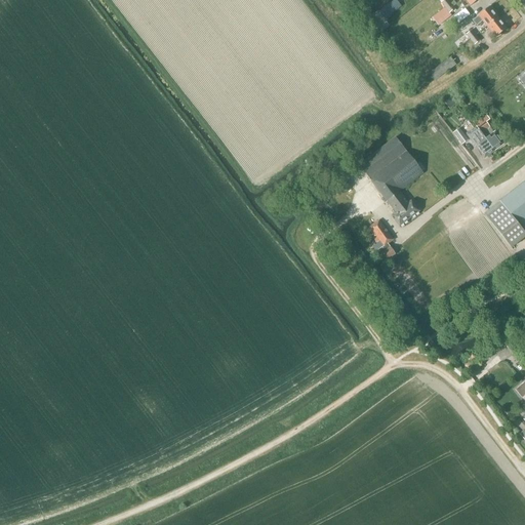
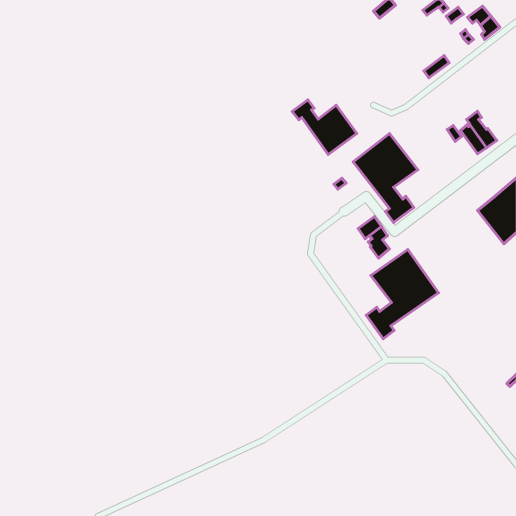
building: none -> [292,100,357,154]
building: none -> [366,250,438,339]

